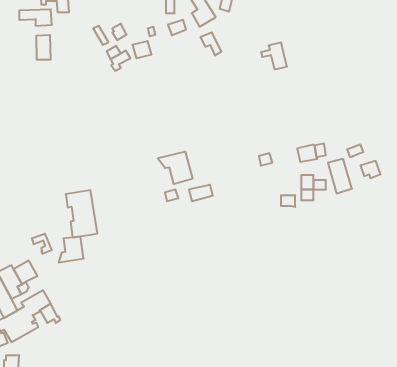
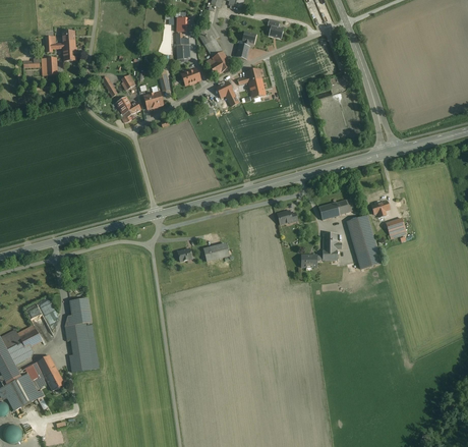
building: [36,35,50,60] -> none
building: [261,43,287,69] -> [238,68,266,97]
building: [158,152,193,184] -> none
building: [66,190,97,237] -> [65,322,99,372]

